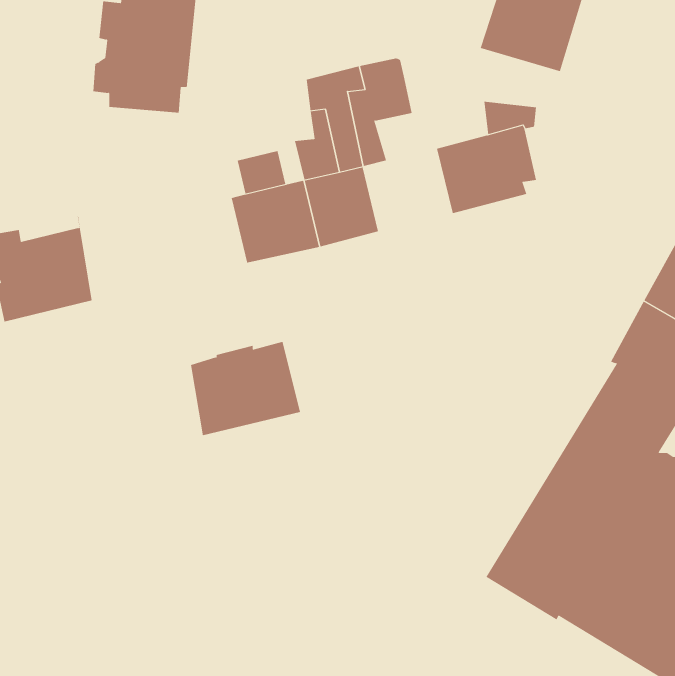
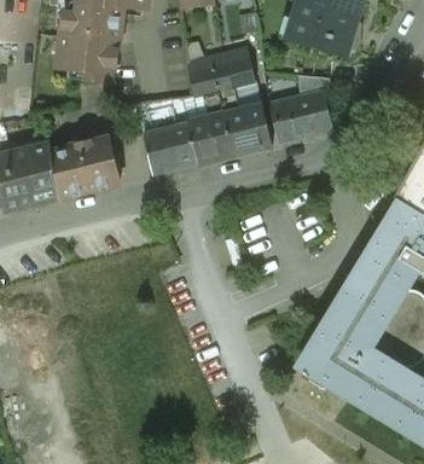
building: none -> [222,106,269,155]
building: [190,341,301,436] -> [50,139,117,197]

